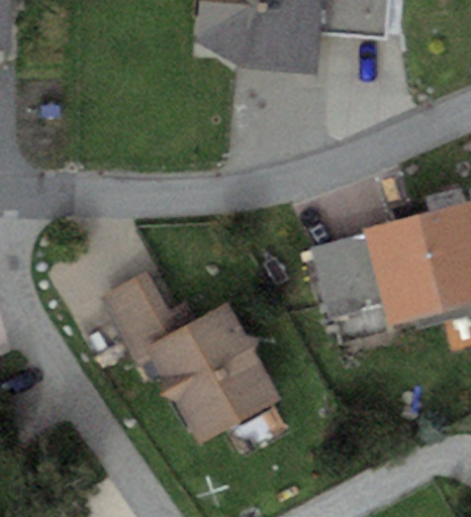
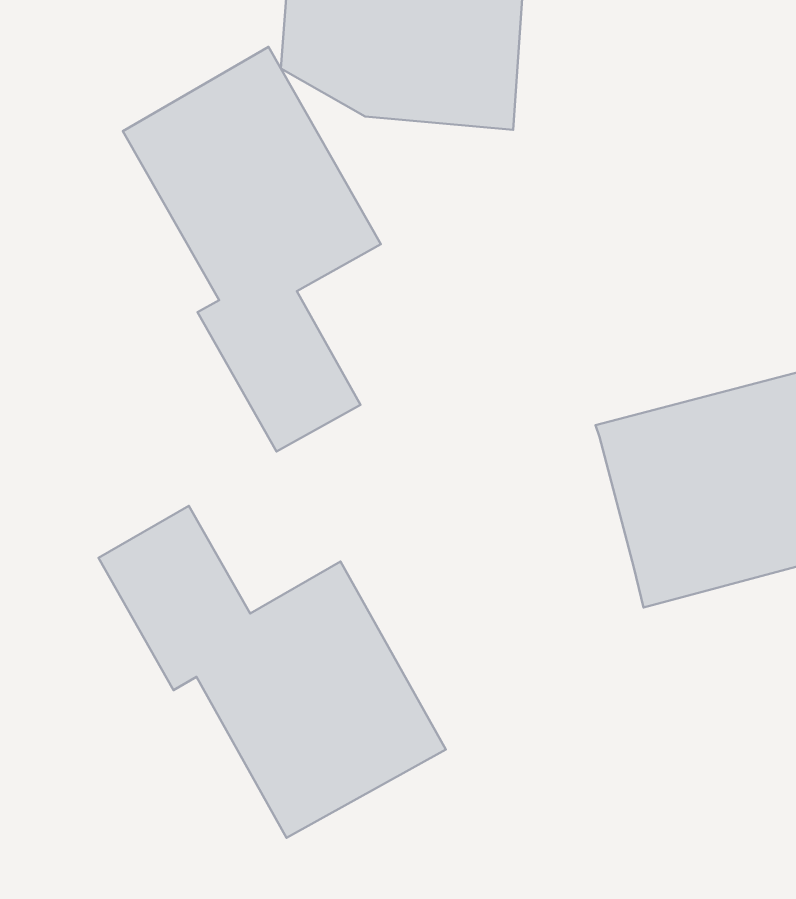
building: none -> [123,47,381,452]
building: [311,235,382,317] -> none

